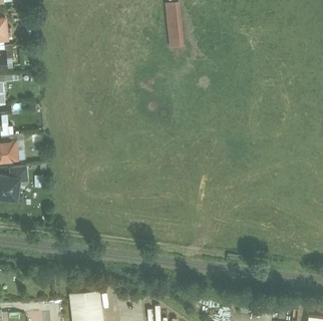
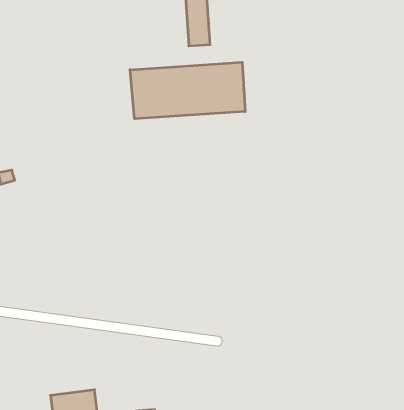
building: none -> [130,62,245,119]

